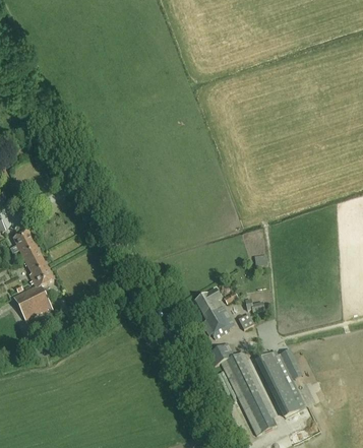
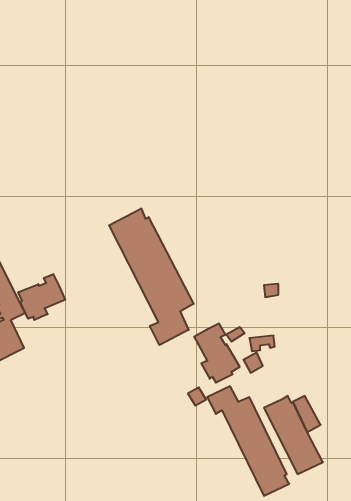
building: none -> [109,208,194,345]
building: none -> [18,274,65,320]

